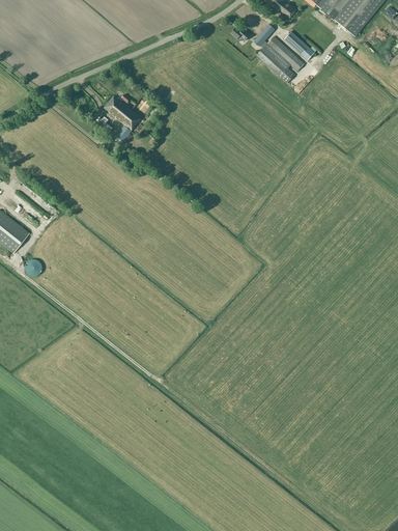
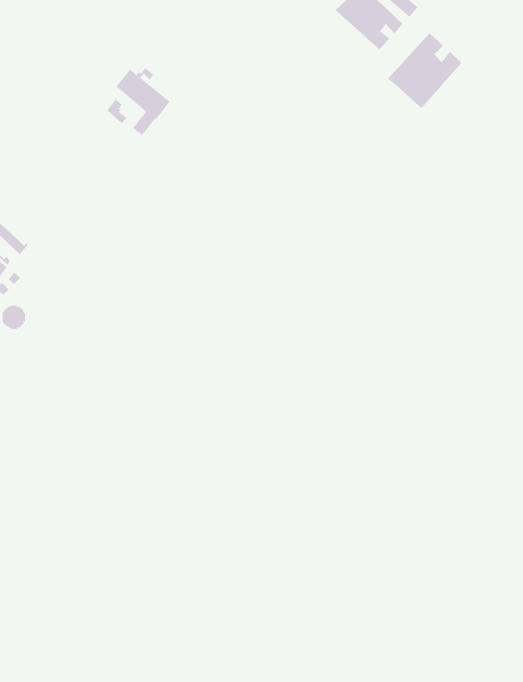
building: none -> [387,32,462,109]

